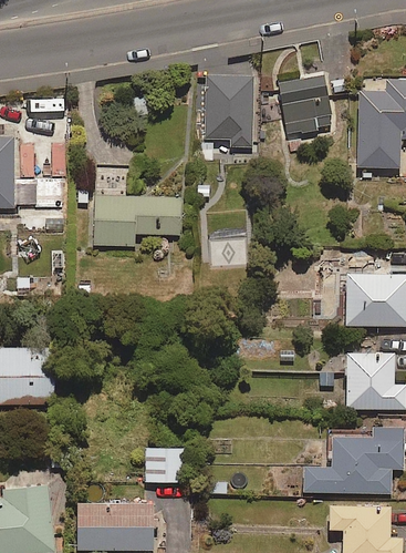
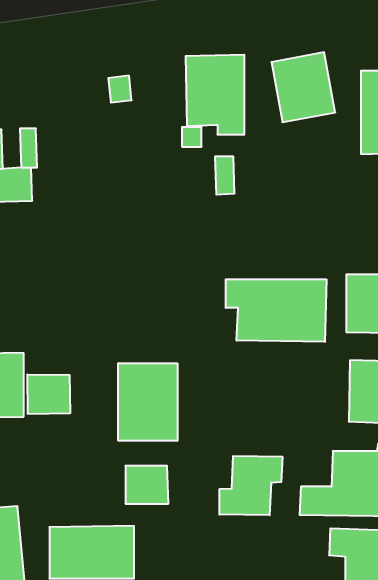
building: [94,195,179,248] -> none
building: none -> [226,279,326,342]
building: none -> [118,363,177,441]
building: none -> [27,374,70,414]
building: none -> [219,456,282,515]

